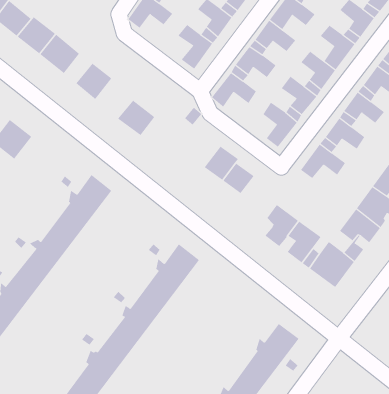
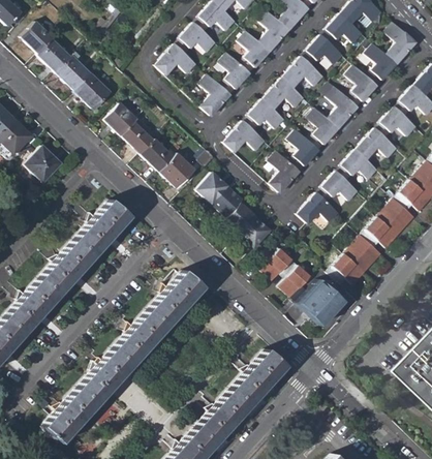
building: none -> [119,117,157,154]
building: none -> [157,153,191,187]
building: none -> [195,173,227,205]
building: none -> [240,217,271,249]

